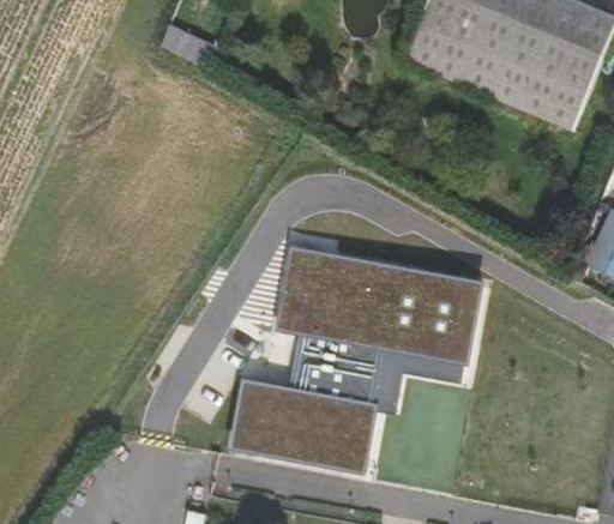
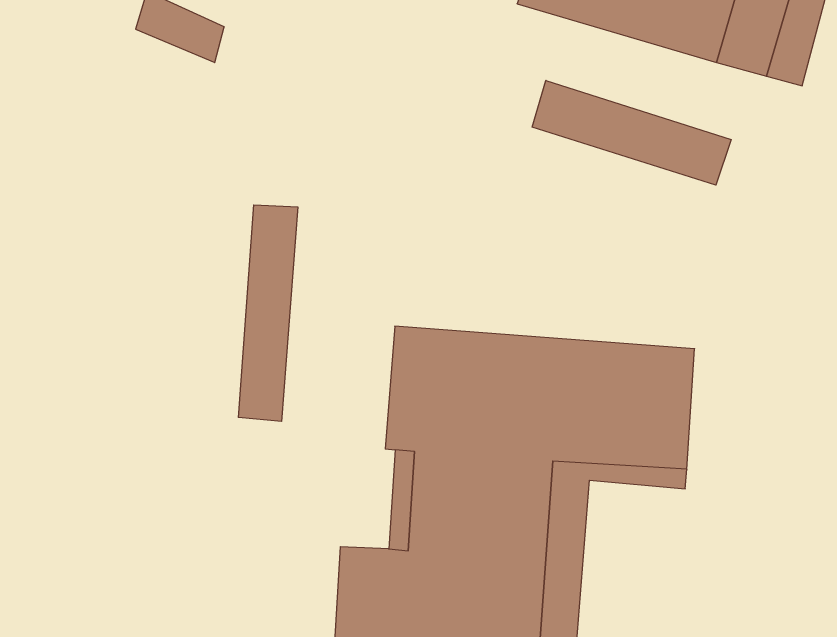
building: none -> [532,80,731,185]
building: none -> [238,205,298,421]

